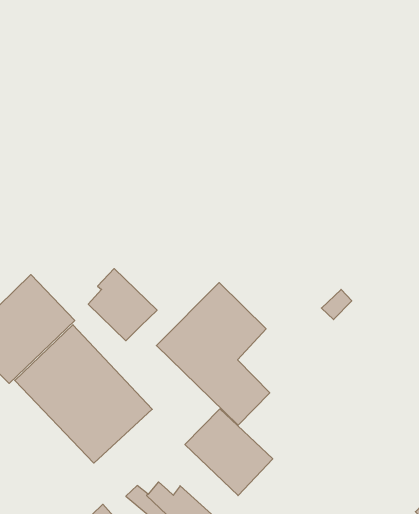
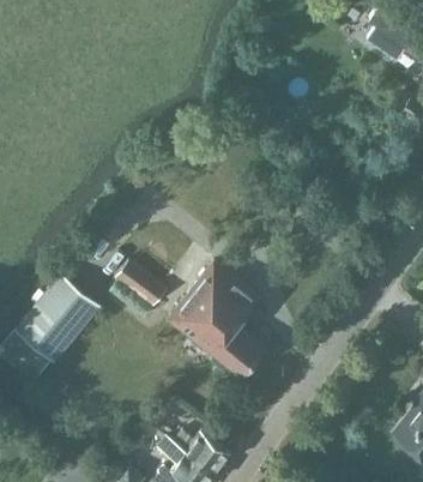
building: [15,325,152,463] -> none
building: [185,409,273,496] -> none

